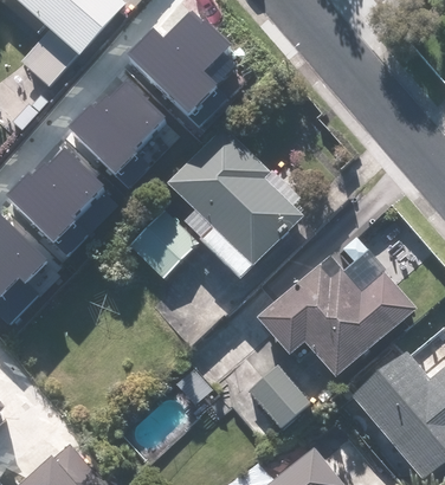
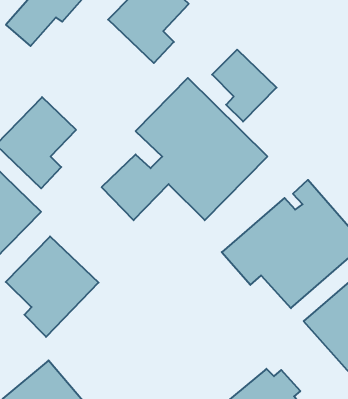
building: [71,78,161,180] -> none
building: none -> [212,50,277,122]
building: none -> [6,236,99,337]
building: [246,364,311,429] -> none

